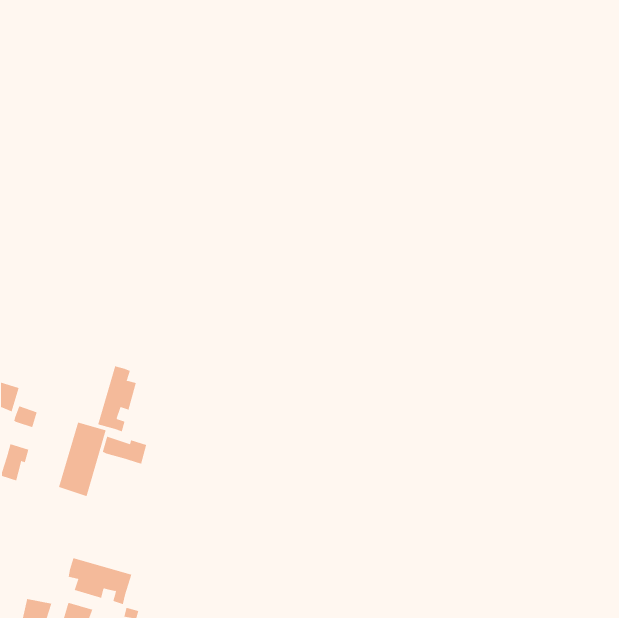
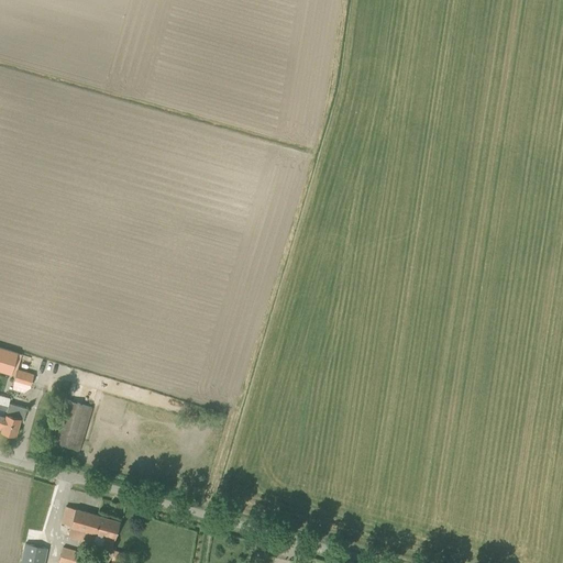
building: [97,365,137,432] -> none
building: [102,436,147,465] -> none

